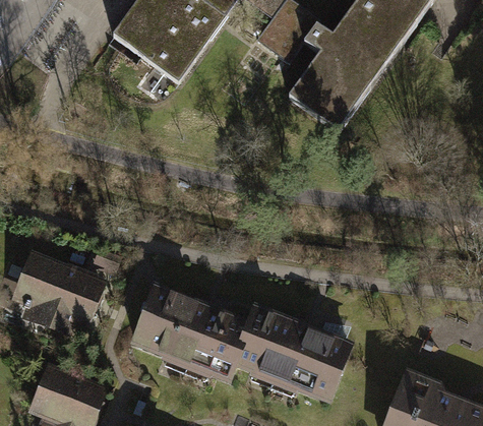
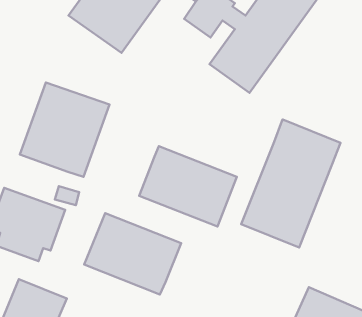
building: none -> [20,82,109,177]
building: none -> [241,119,341,248]
building: [232,305,354,406] -> [139,146,237,227]

